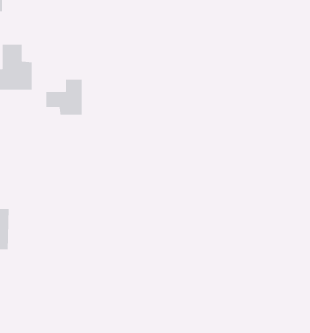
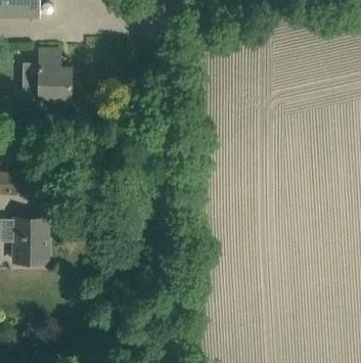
building: [46,79,82,116] -> none

